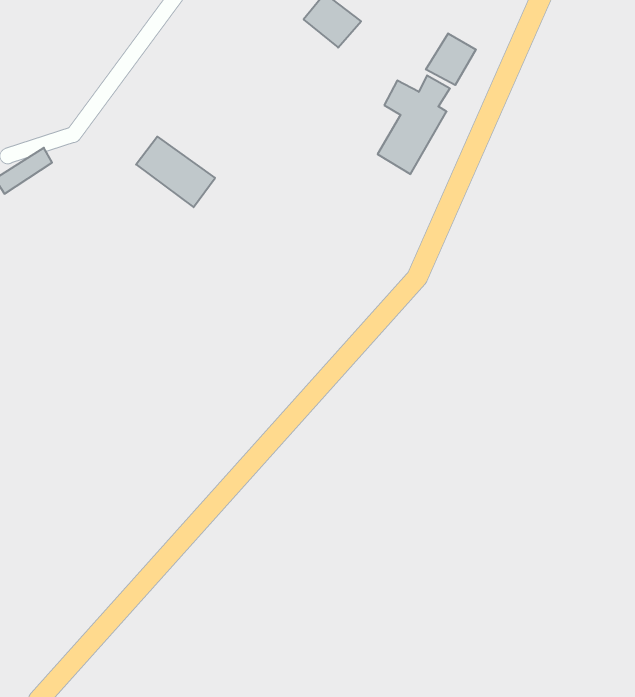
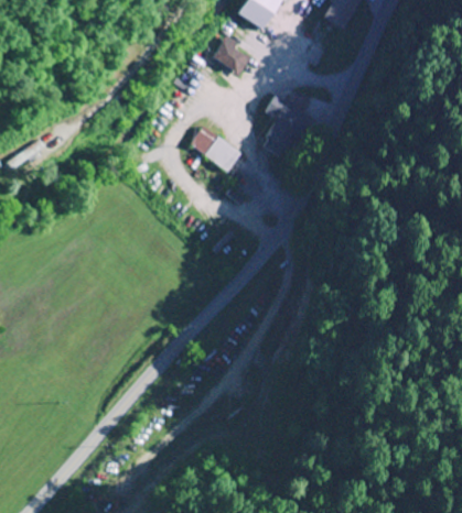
building: [426,33,476,85] -> none
building: [136,137,215,207] -> [190,125,243,173]

